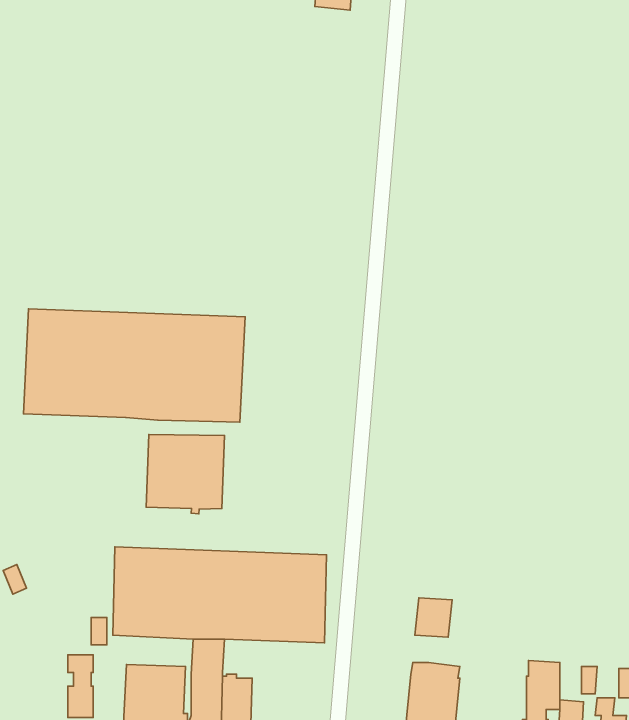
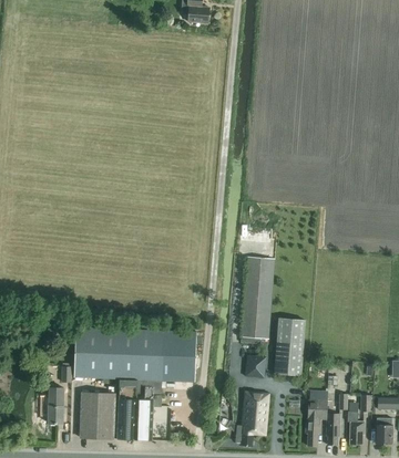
building: [23,309,245,422] -> none
building: none -> [241,257,274,343]
building: [146,434,225,514] -> none
building: none -> [274,318,306,375]

